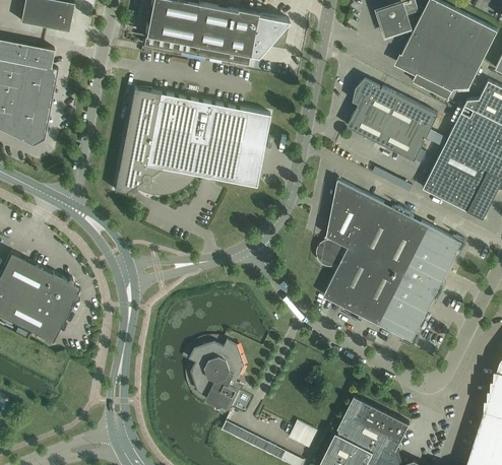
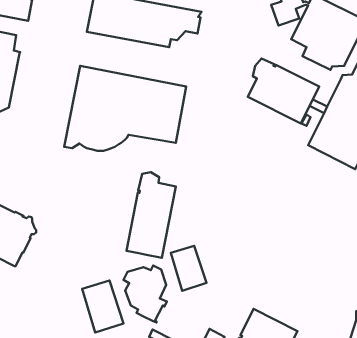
building: [317,180,466,345] -> none
building: none -> [126,172,176,258]
building: none -> [171,246,206,291]
building: none -> [82,281,124,333]

